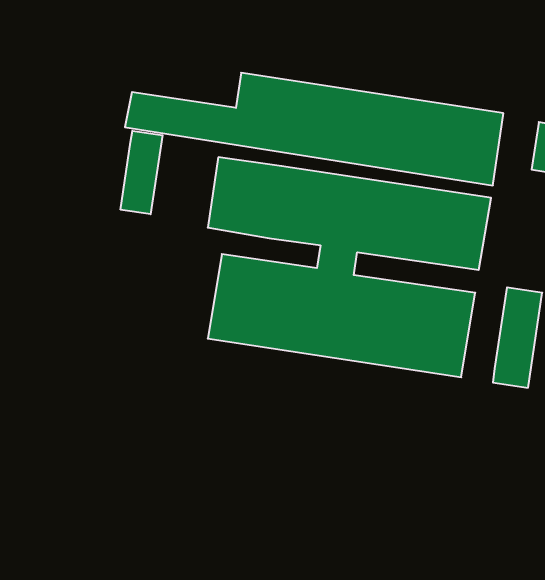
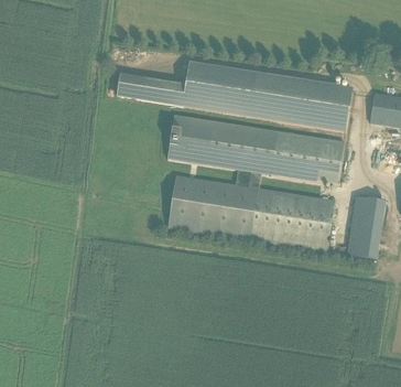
building: [121,131,163,214] -> none

